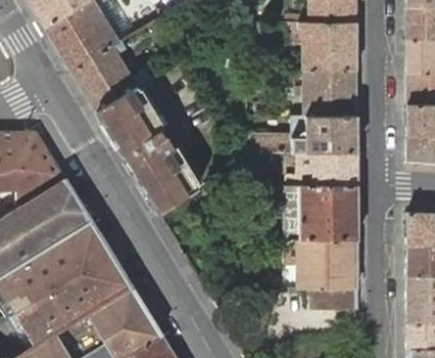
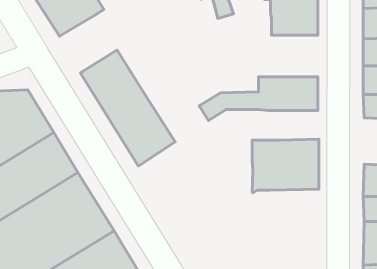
building: [71,39,150,110] -> none
building: [305,69,356,115] -> none
building: [286,151,357,184] -> none
building: [298,238,357,309] -> none

